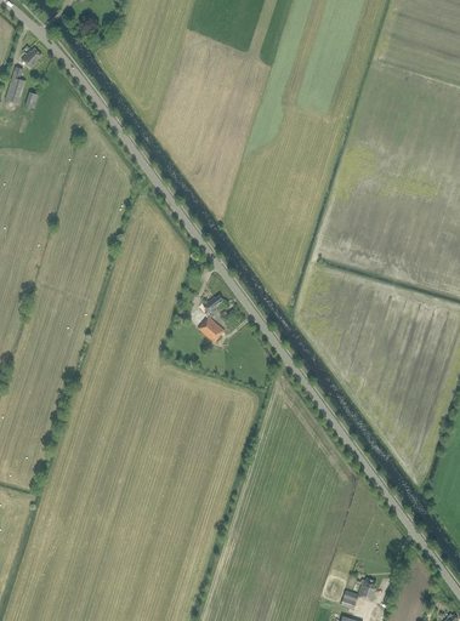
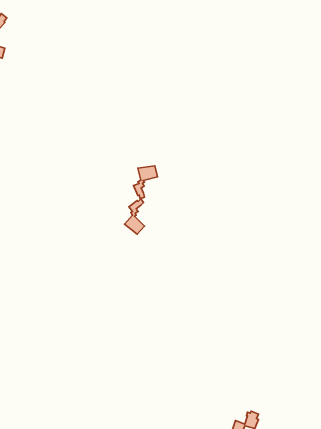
building: none -> [133,166,158,199]

